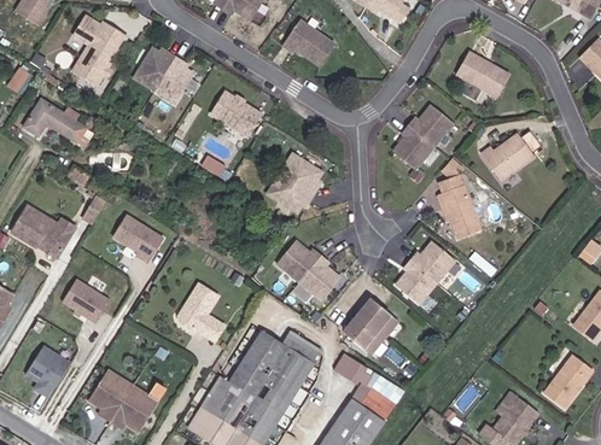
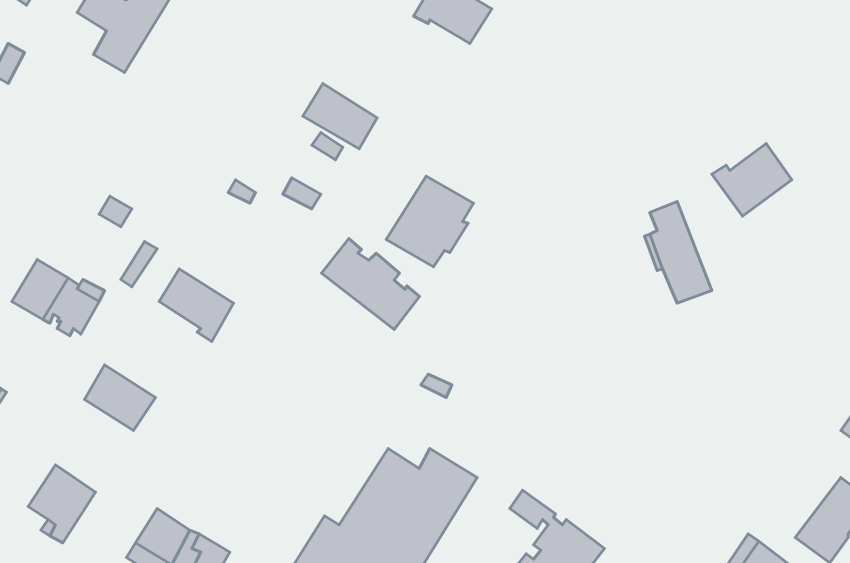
building: [130,46,192,101] -> none
building: [455,51,507,93] -> none
building: [30,100,101,147] -> none
building: [390,101,451,166] -> none
building: [274,239,339,299] -> [321,239,420,329]
building: [395,239,455,304] -> none
building: [181,281,228,338] -> none
building: [346,298,397,350] -> none

